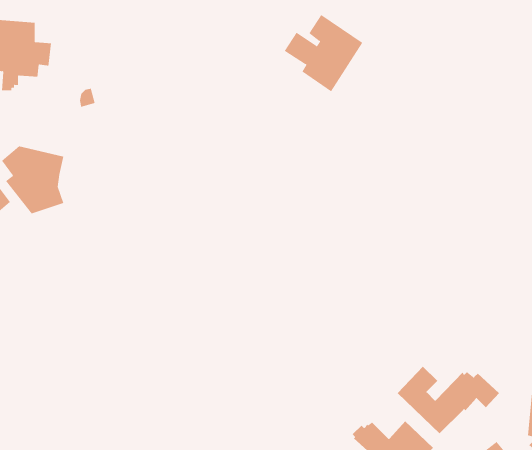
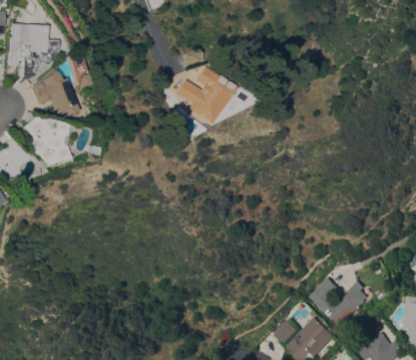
building: [284,14,363,92] -> [176,66,235,123]
building: none -> [29,68,76,116]

